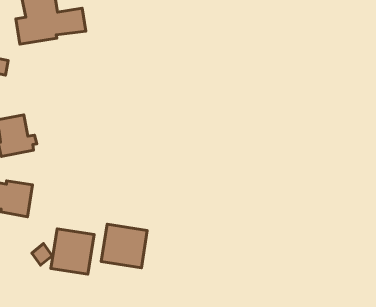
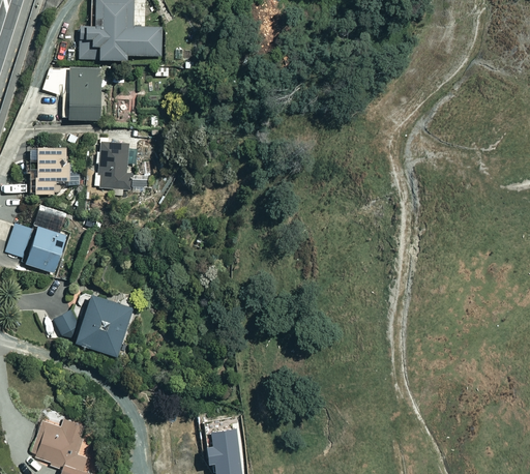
building: none -> [62,65,122,124]
building: none -> [91,142,135,197]
building: [101,224,147,268] -> none

